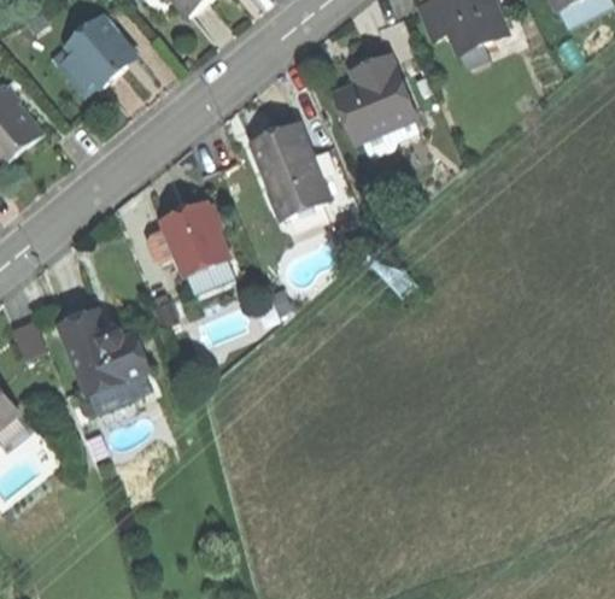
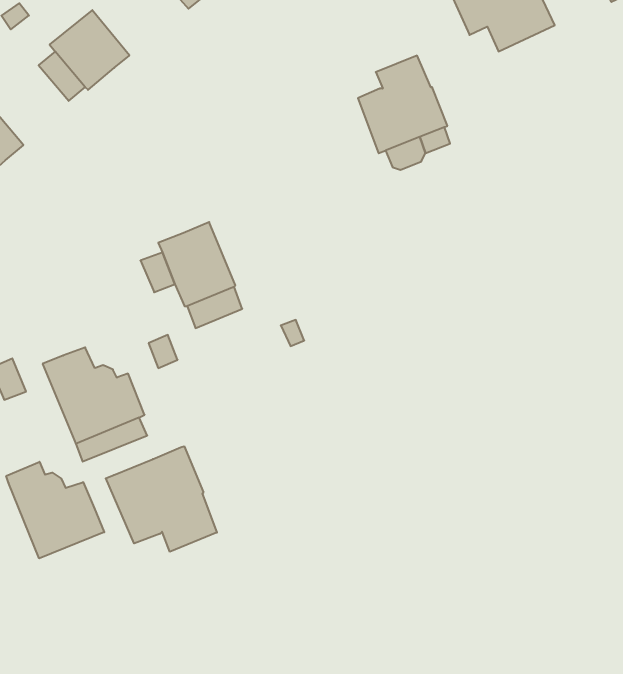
building: [251,122,328,216] -> none
building: none -> [106,446,217,552]
building: none -> [6,462,104,558]

